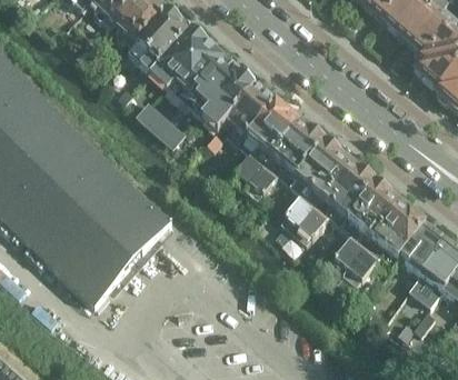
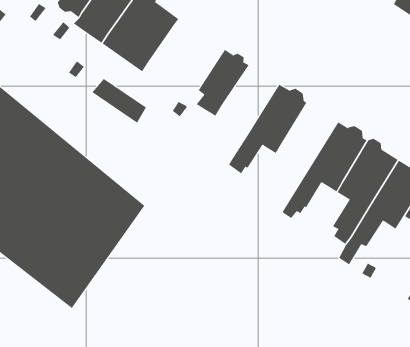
building: [180,61,257,129] -> none
building: [235,104,301,192] -> none
building: [273,144,350,246] -> none

